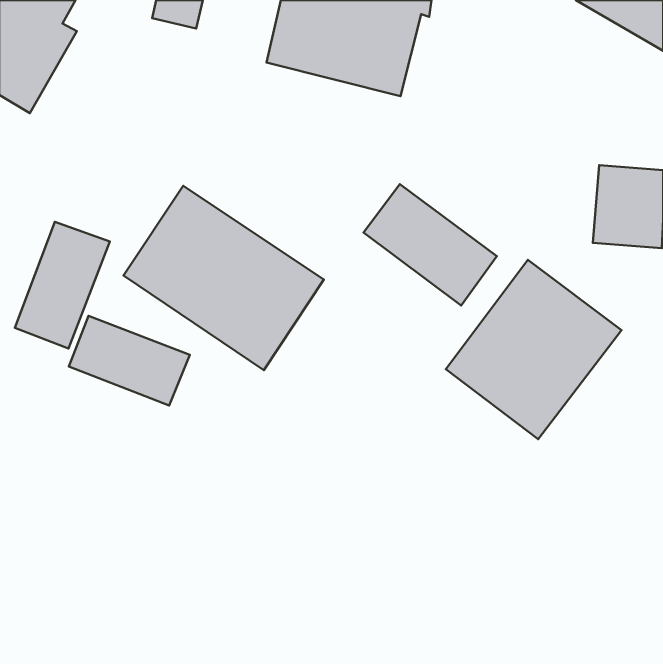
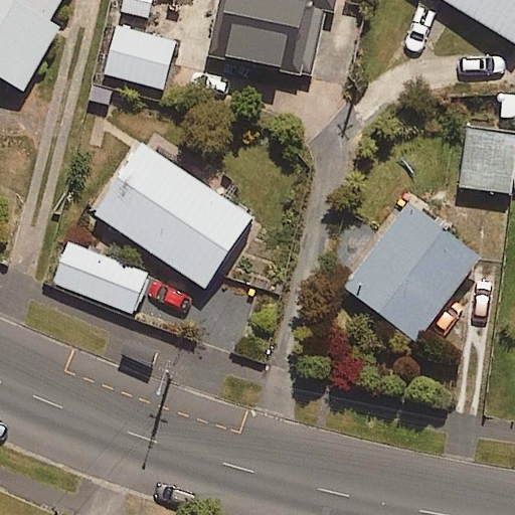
building: none -> [104,25,175,88]
building: [364,184,497,306] -> none
building: [15,222,110,348] -> none

